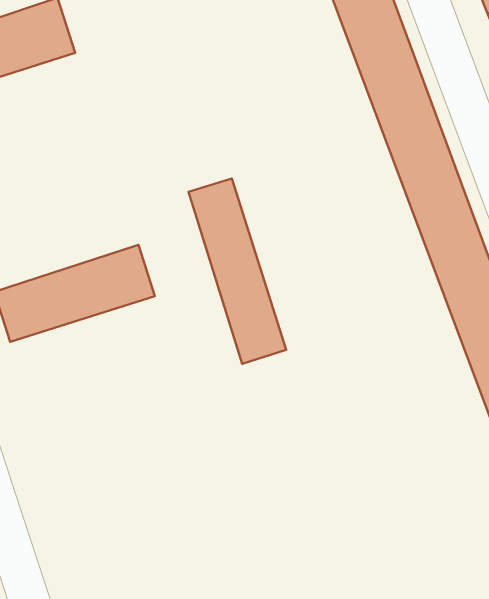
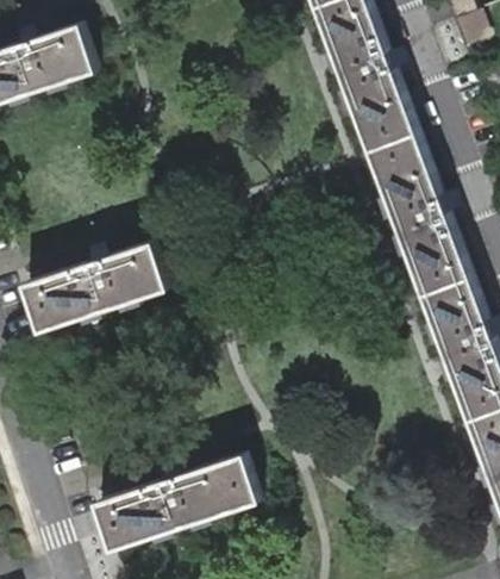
building: [189,178,286,364] -> none
building: none -> [95,455,257,549]

